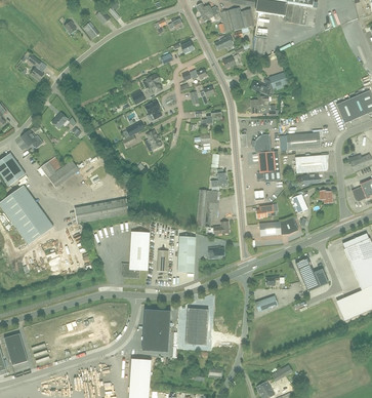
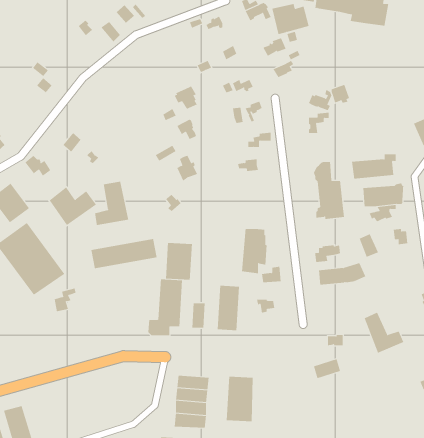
building: none -> [94,181,129,226]
building: none -> [165,242,192,280]

